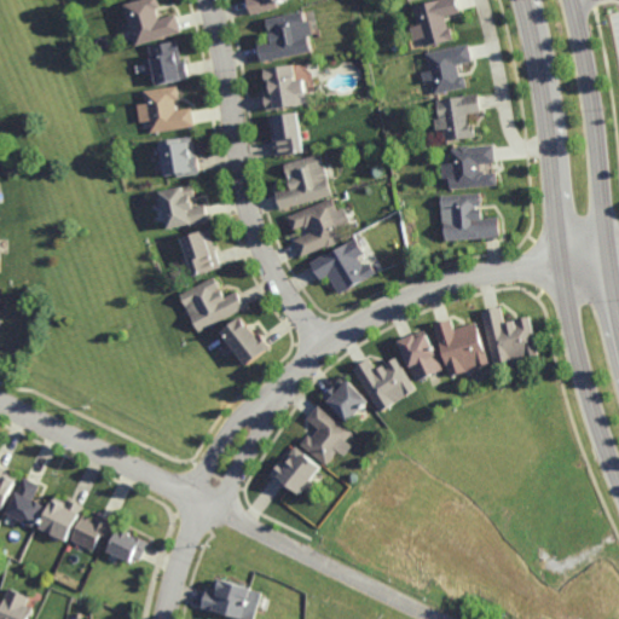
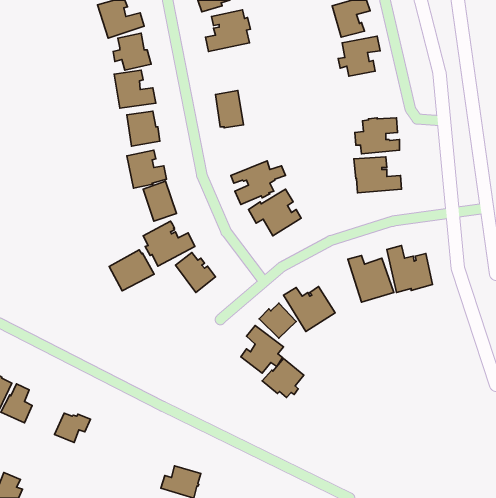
building: [261,64,306,112] -> none
building: [433,94,480,141] -> none
building: [273,156,330,212] -> none
building: none -> [109,250,154,291]
building: [397,329,441,380] -> none
building: [267,445,319,493] -> [262,359,304,397]
building: [35,496,81,540] -> none
building: [104,526,146,562] -> none

